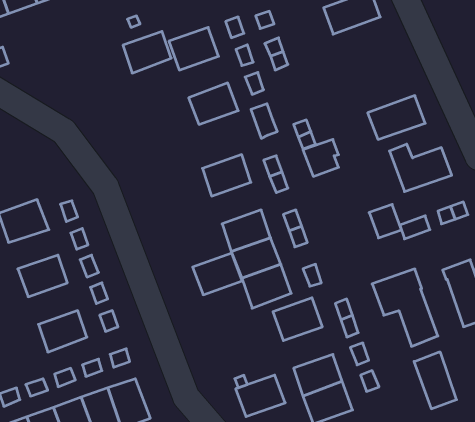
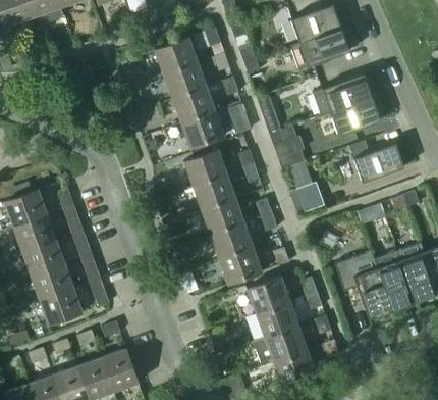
building: none -> [290,28,349,69]
building: [123,31,171,73] -> [164,62,207,99]
building: none -> [322,73,372,112]
building: none -> [181,110,225,148]
building: [369,204,401,238] -> [295,182,324,211]
building: none -> [13,215,57,250]
building: [193,253,242,295] -> [193,173,236,210]
building: none -> [31,262,74,299]
building: [414,352,457,409] -> [377,259,415,309]
building: [236,375,285,417] -> [256,301,299,338]

